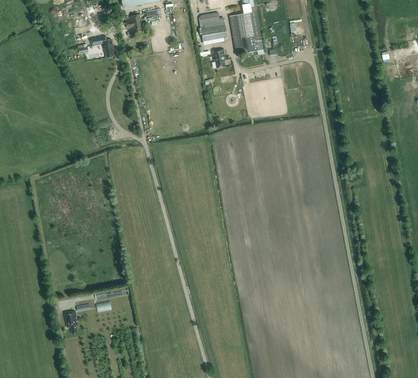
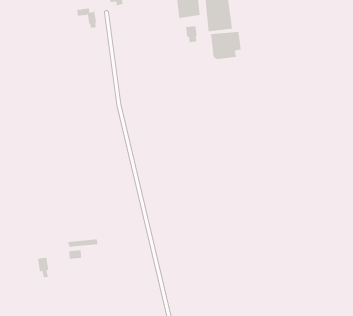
building: none -> [210,31,241,60]

